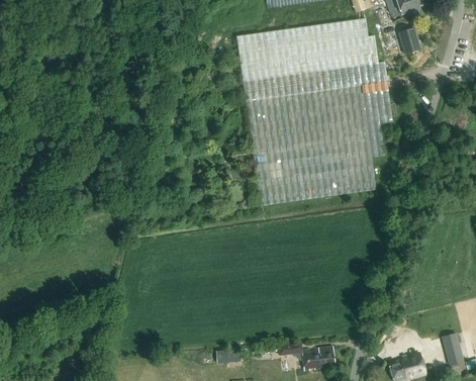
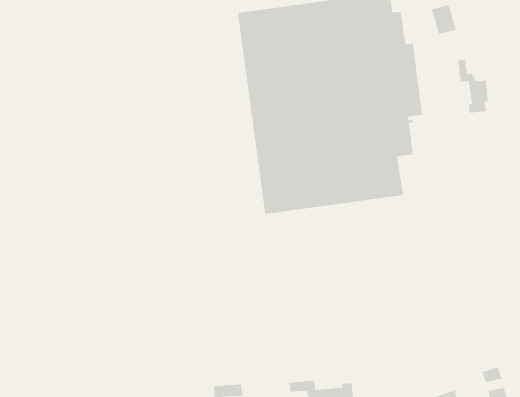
building: none -> [457,59,488,114]

